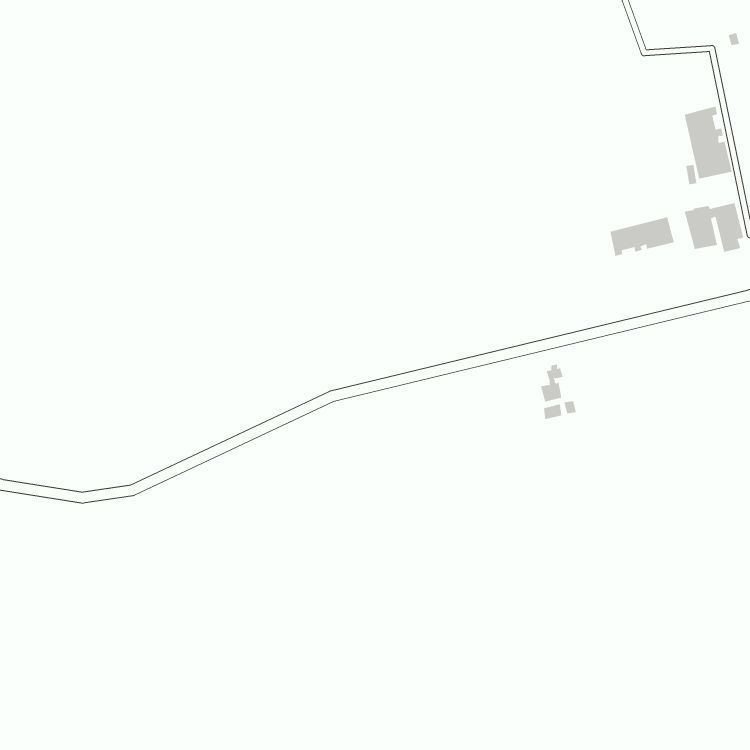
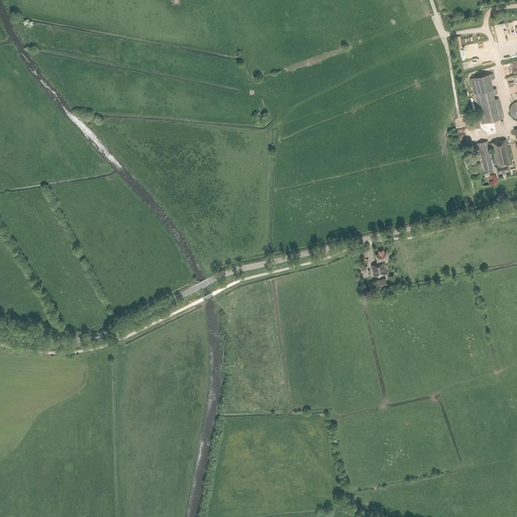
building: [610,217,675,257] -> none

